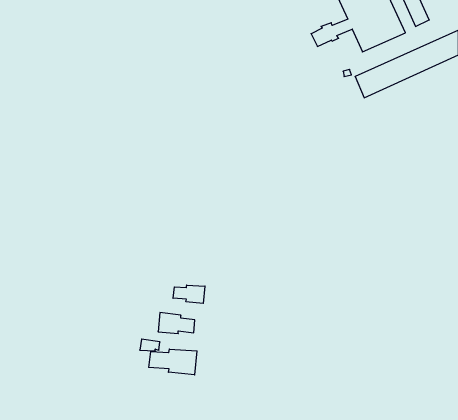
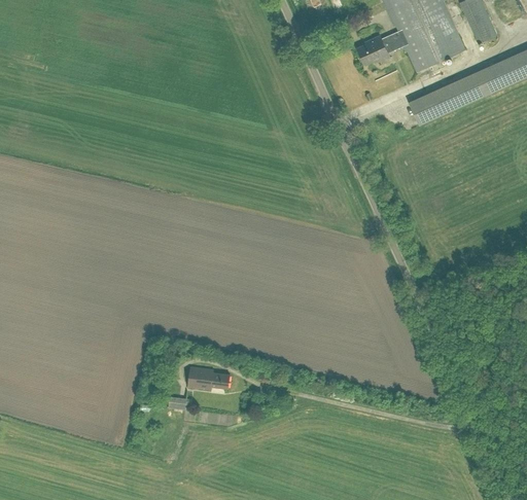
building: [173,285,205,303] -> none
building: [149,349,197,375] -> none

